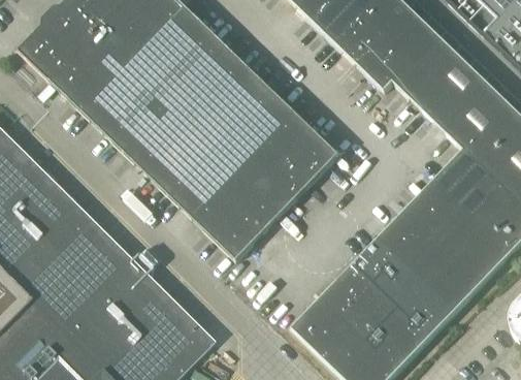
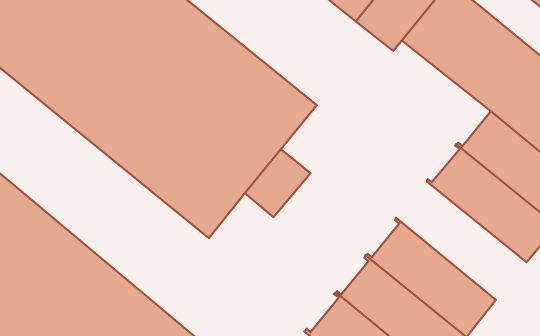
building: [282,131,339,189] -> none
building: [214,201,270,260] -> none
building: [376,204,484,311] -> none

